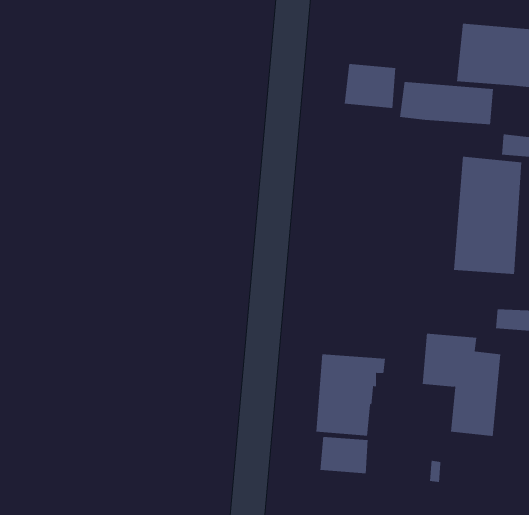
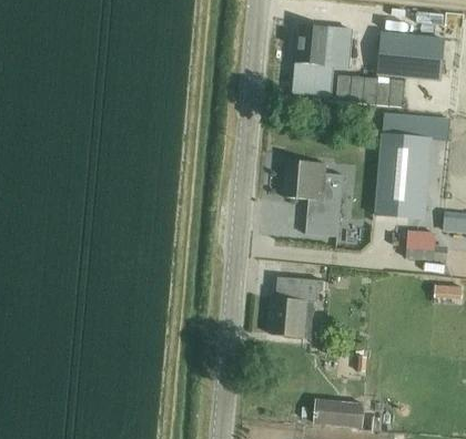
building: none -> [297,24,345,64]
building: [422,333,501,436] -> [285,159,344,235]
building: [320,436,368,474] -> none

